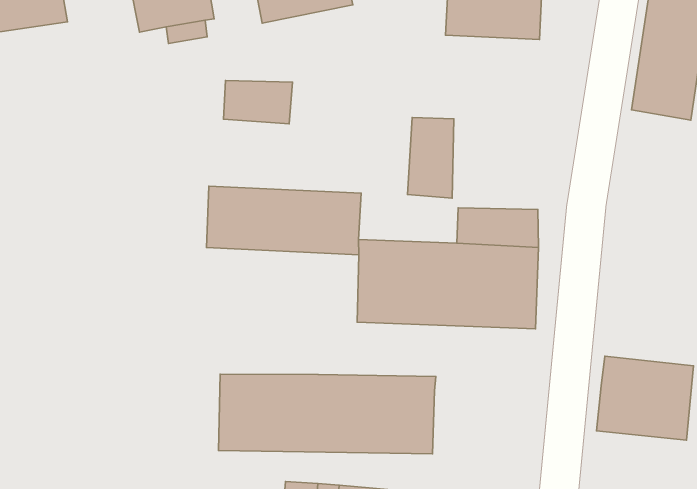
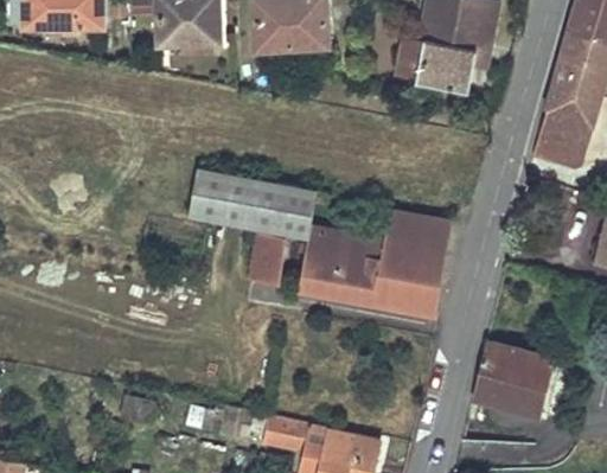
building: [224,80,293,124] -> none
building: [407,117,454,198] -> none
building: none -> [251,234,286,286]
building: [219,374,436,454] -> none

